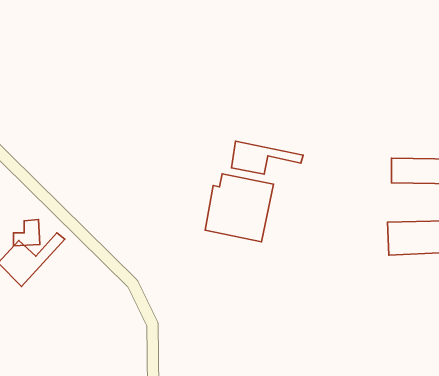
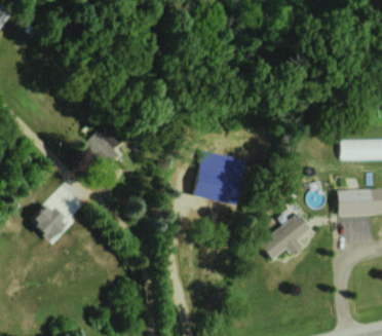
building: [232,141,303,174] -> none
building: none -> [85,127,119,167]
building: none -> [260,216,311,260]

